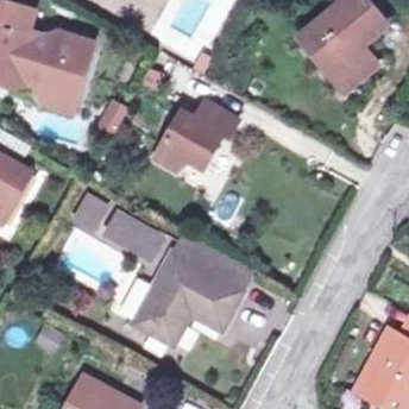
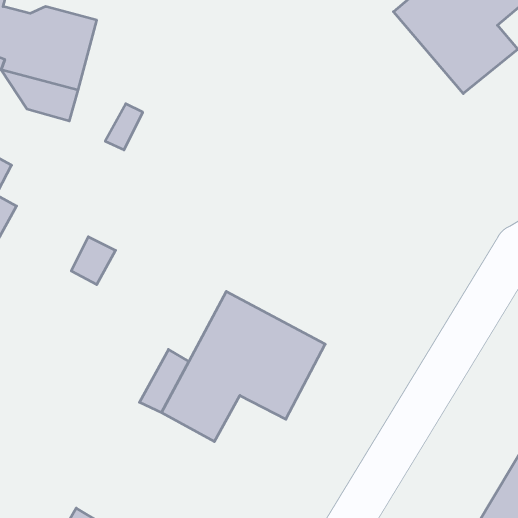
building: [151,97,241,175] -> none
building: [106,208,161,252] -> none

